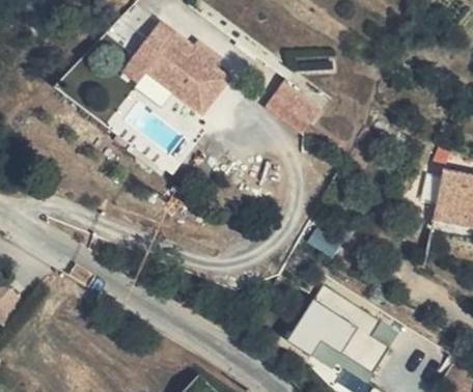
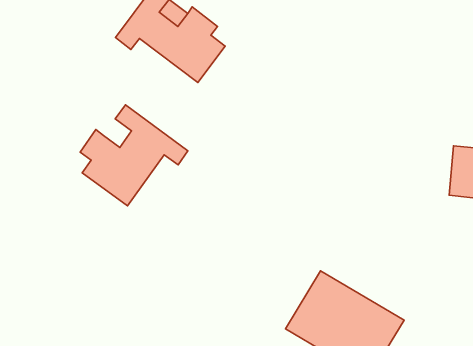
building: [263,80,318,131] -> none
building: none -> [80,105,188,206]

